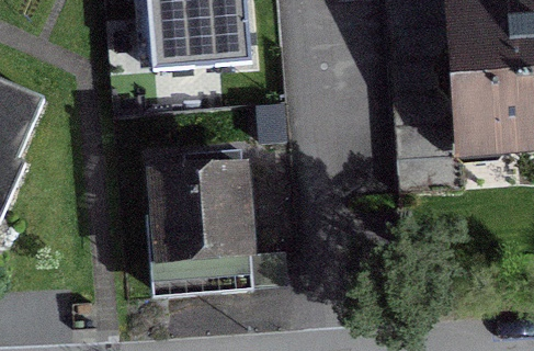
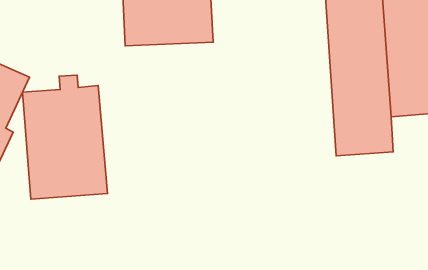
building: [150,149,249,293] -> [22,75,108,199]

